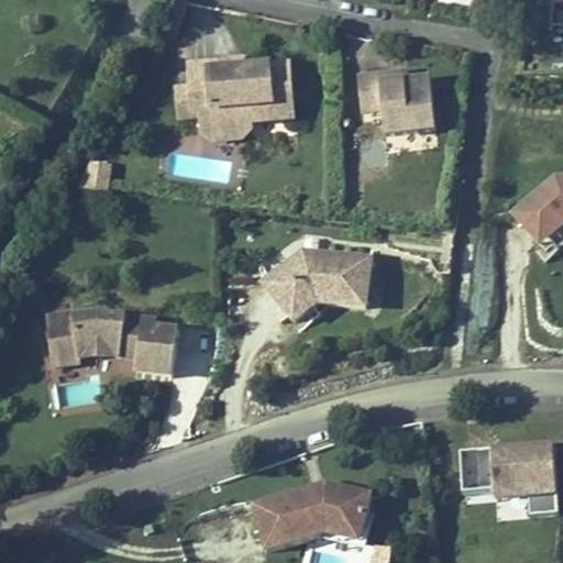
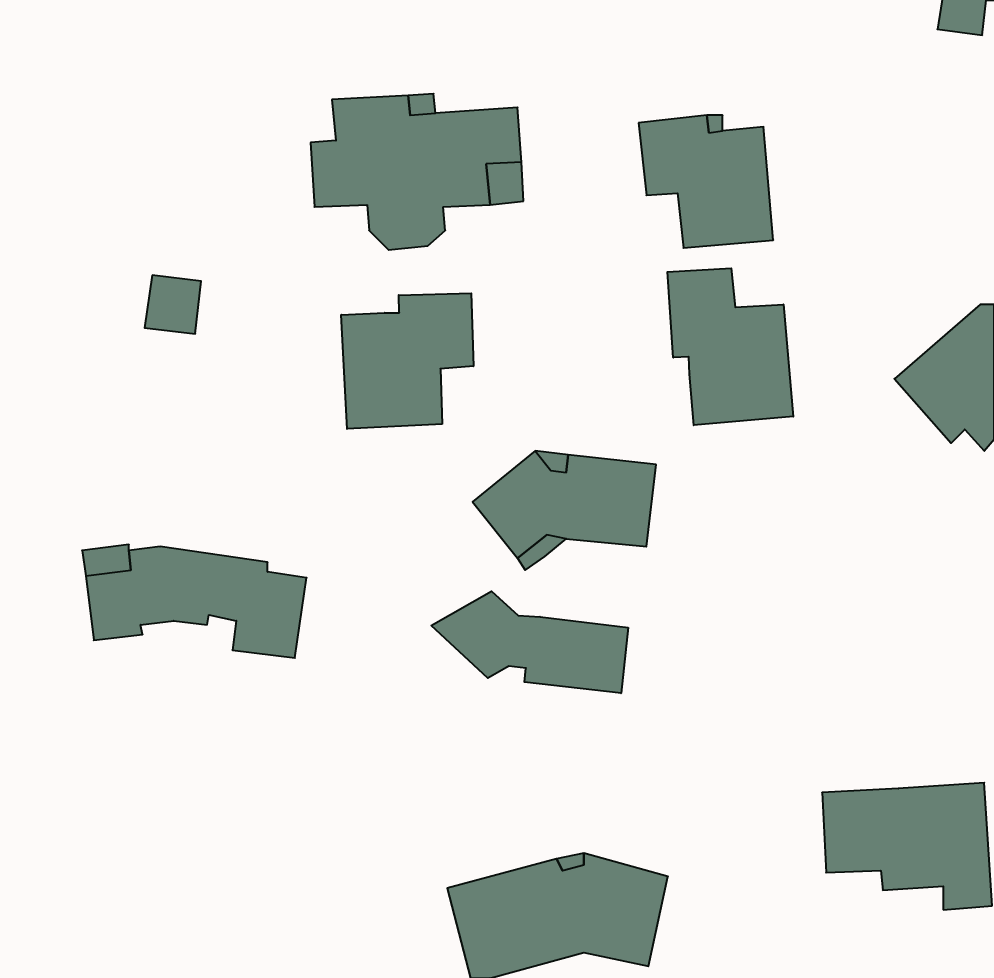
building: none -> [667,268,793,425]
building: none -> [341,293,473,429]
building: none -> [431,591,628,693]

